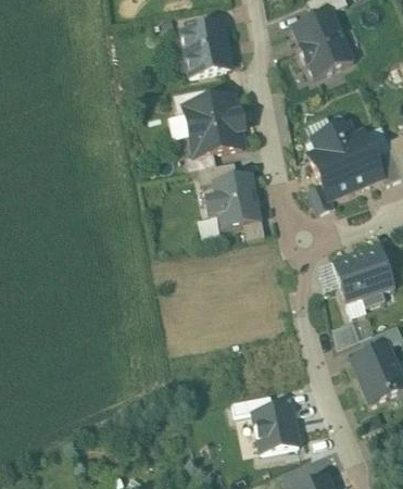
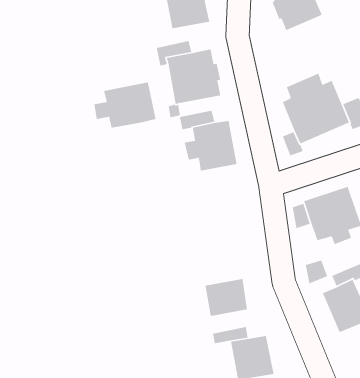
building: none -> [94,81,157,129]
building: none -> [205,278,248,317]

